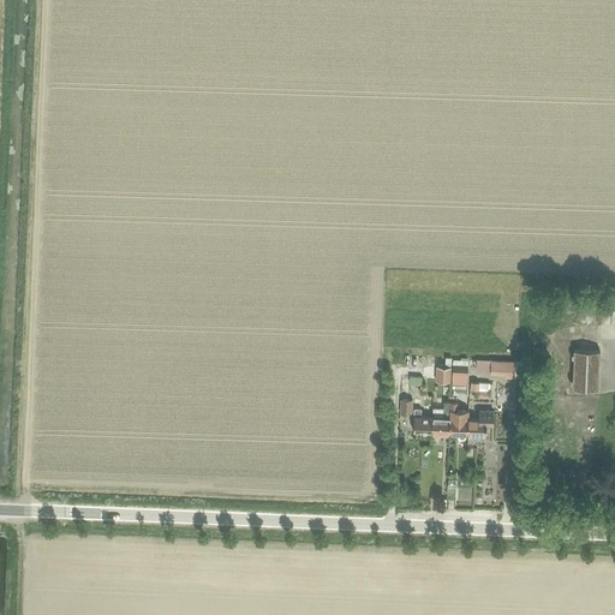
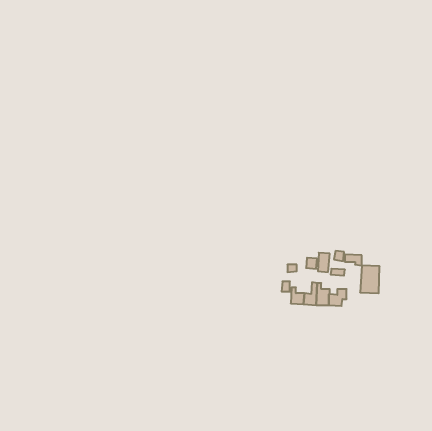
building: [572,351,599,390] -> [360,265,380,293]

